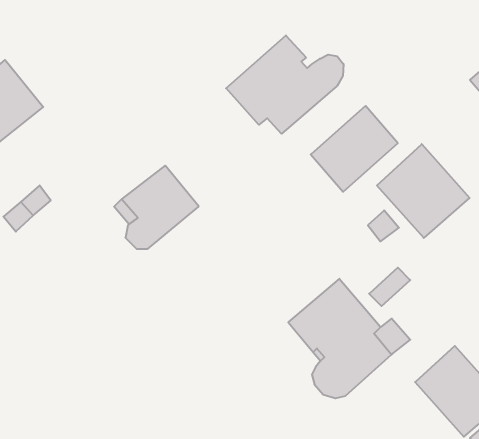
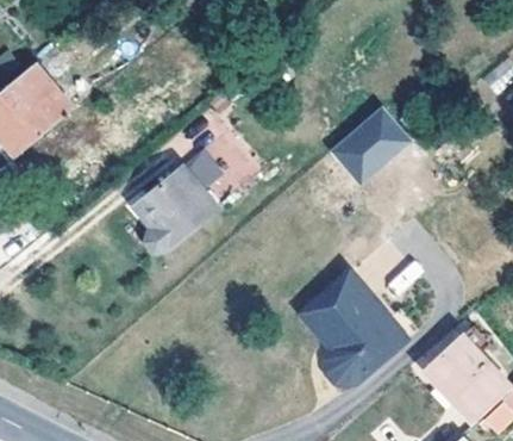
building: [226,35,344,134] -> none
building: [377,144,470,238] -> none

